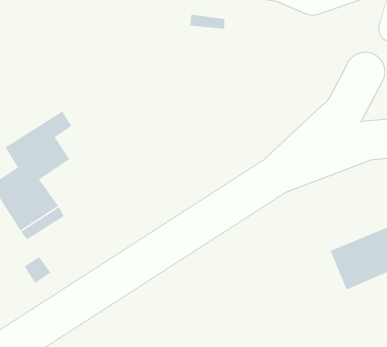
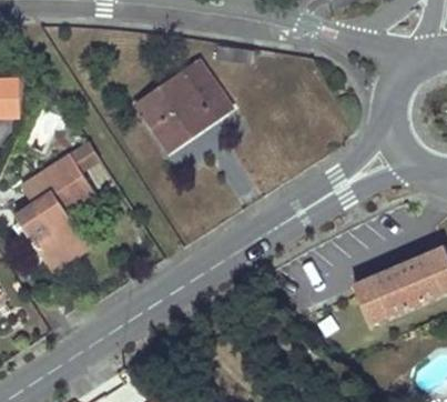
building: none -> [136,61,221,149]

